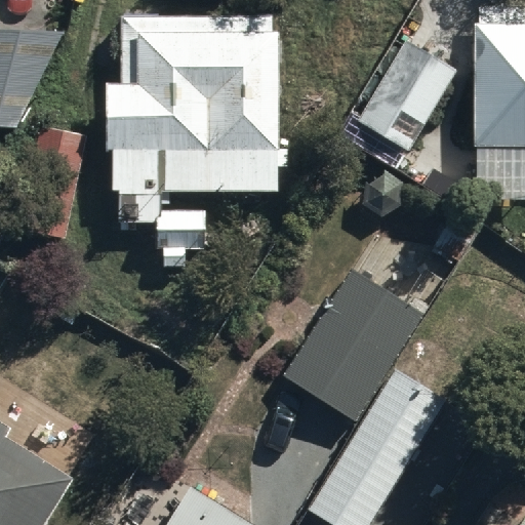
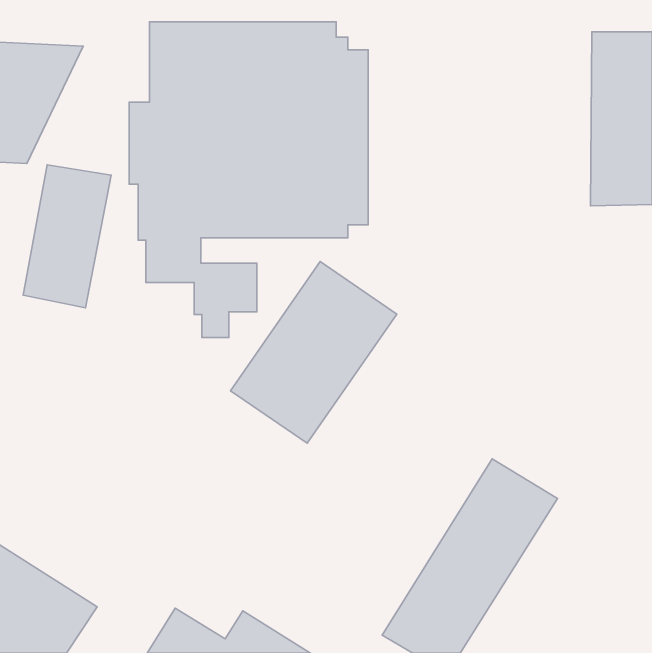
building: [354,28,456,140] -> none
building: [286,278,419,423] -> [231,262,397,443]

